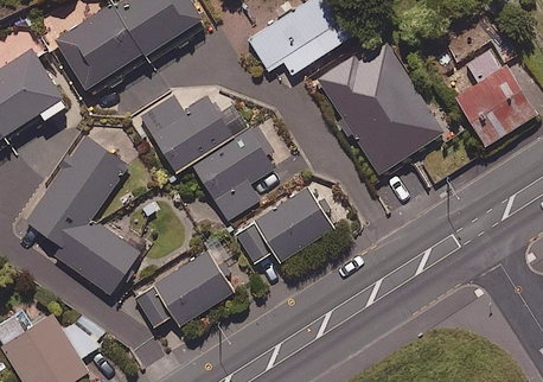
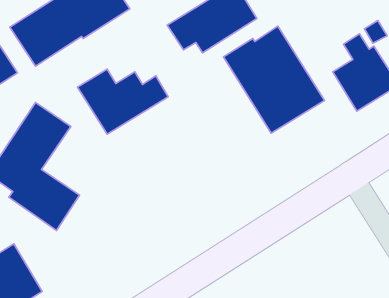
building: [193,127,274,221] -> none
building: [236,187,333,263] -> none
building: [124,250,234,327] -> none

